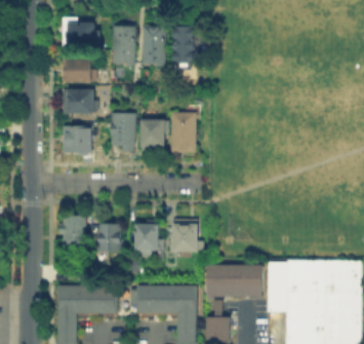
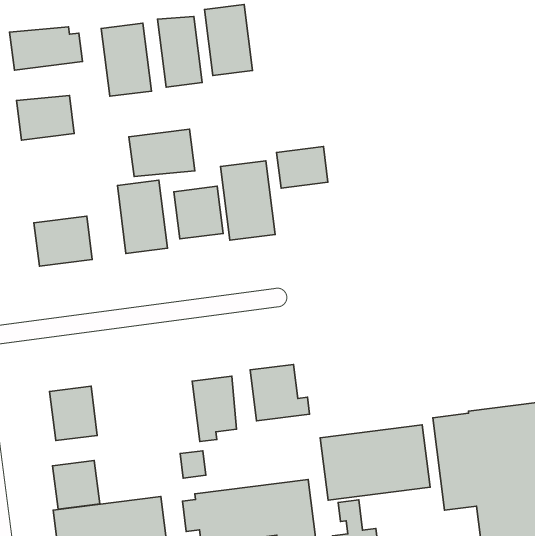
building: [65,92,97,115] -> [129,129,195,177]
building: none -> [277,146,328,188]
building: [98,228,121,252] -> [53,460,100,509]

